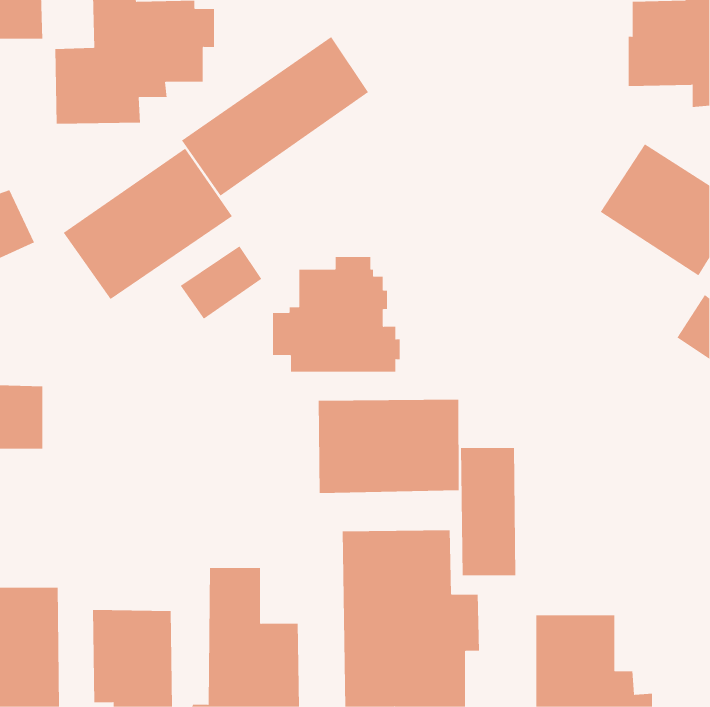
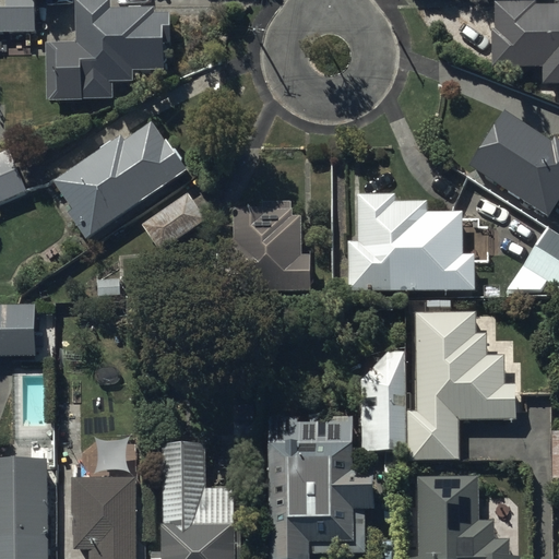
building: [181,36,369,197] -> none
building: none -> [349,202,476,298]
building: [318,399,459,494] -> none
building: none -> [411,318,519,479]

